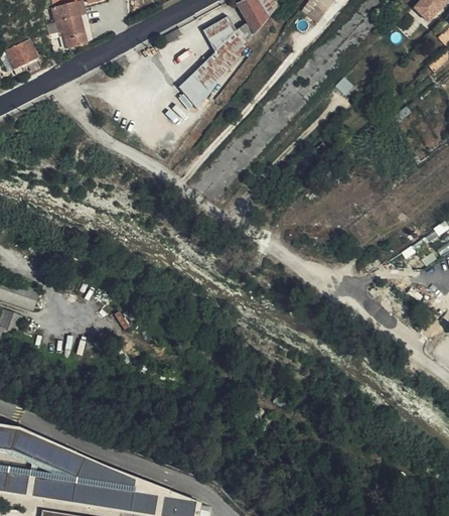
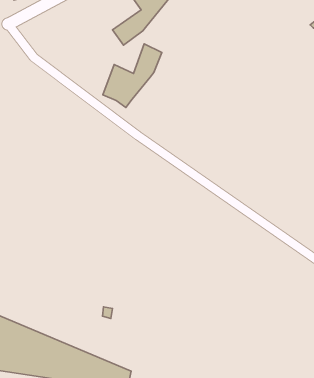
building: none -> [103,44,162,108]

